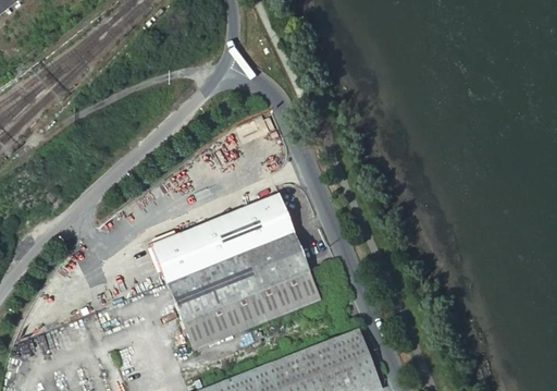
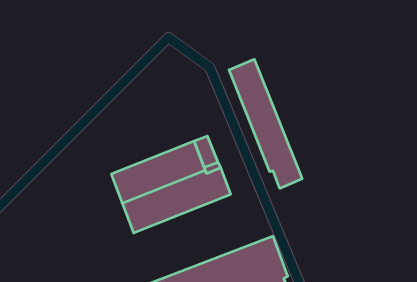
building: none -> [229,59,302,188]
building: [181,271,319,350] -> none

